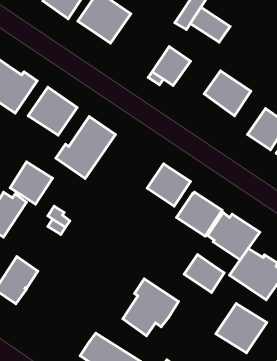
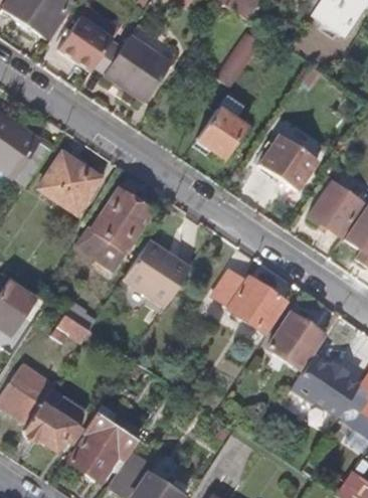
building: [190,7,230,42] -> none
building: none -> [122,239,188,305]
building: [10,162,53,204] -> none
building: [184,255,224,292] -> none
building: [123,279,178,336] -> [69,411,138,482]
building: none -> [24,402,72,449]
building: [216,304,267,353] -> none

